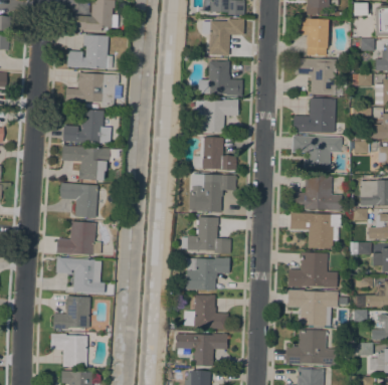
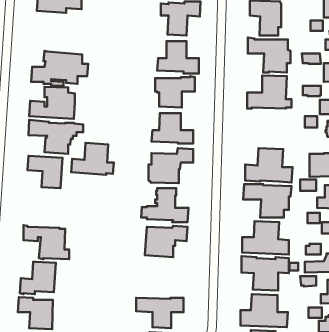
building: [67,34,113,69] -> none
building: [293,136,342,171] -> none
building: [56,221,102,255] -> [71,143,114,175]
building: [184,295,229,330] -> none

